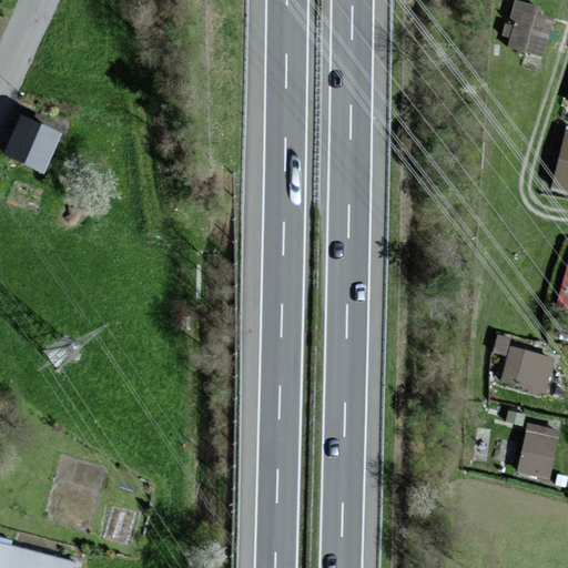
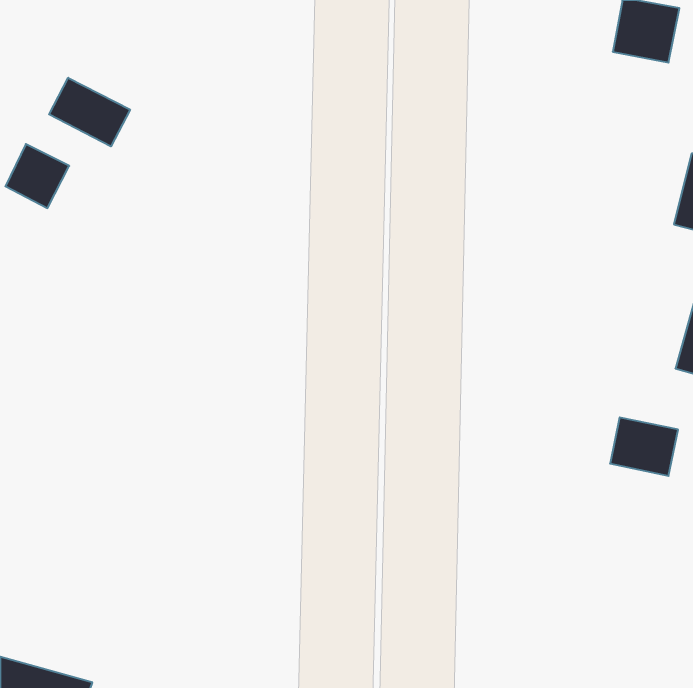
building: none -> [49,78,130,146]
building: [518,423,558,479] -> none

